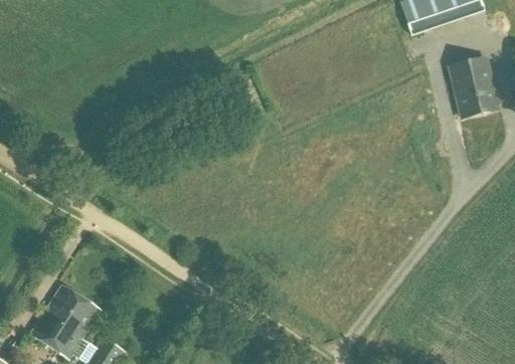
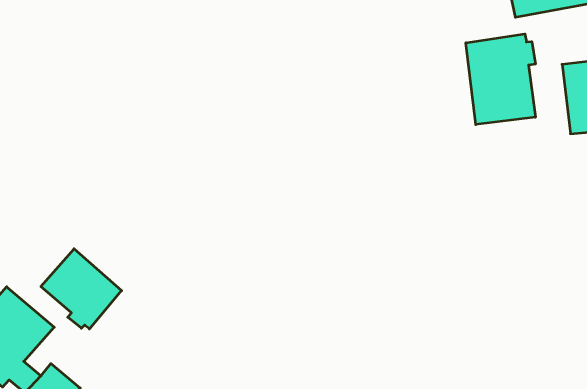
building: none -> [466,34,535,125]
building: none -> [41,249,122,329]

